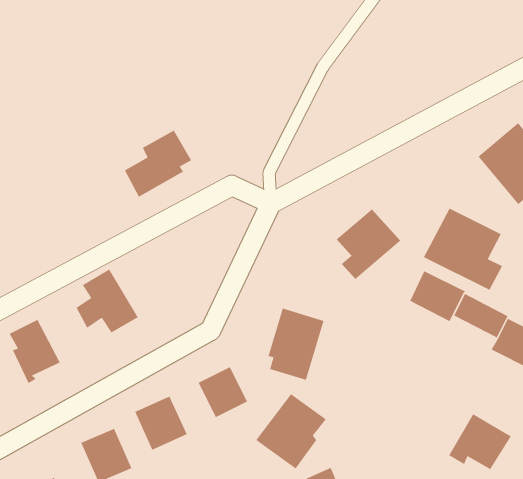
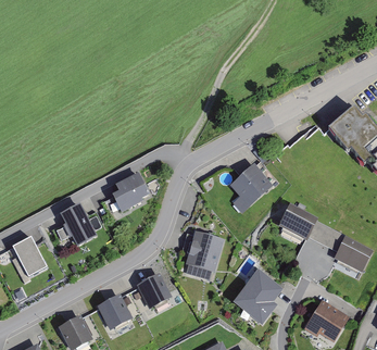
building: [124,130,192,198] -> [102,174,148,220]
building: [423,208,503,291] -> none
building: [255,393,327,470] -> [233,271,280,322]

